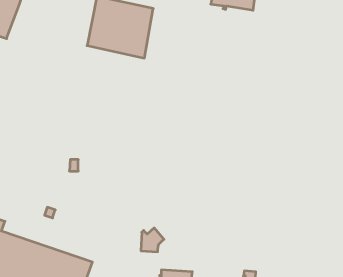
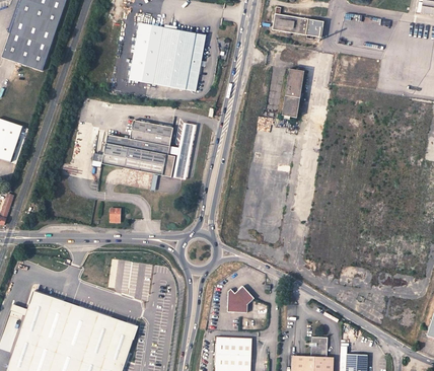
building: none -> [282,70,304,119]
building: none -> [102,121,175,176]
building: [141,228,164,252] -> [227,285,254,312]

